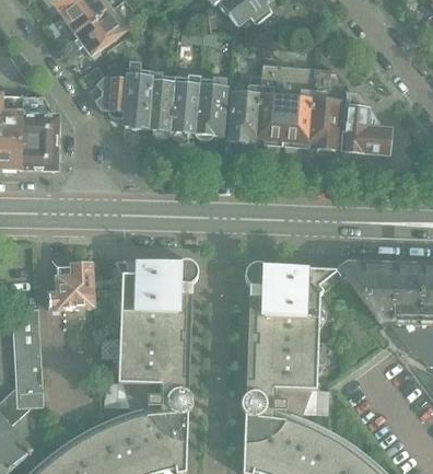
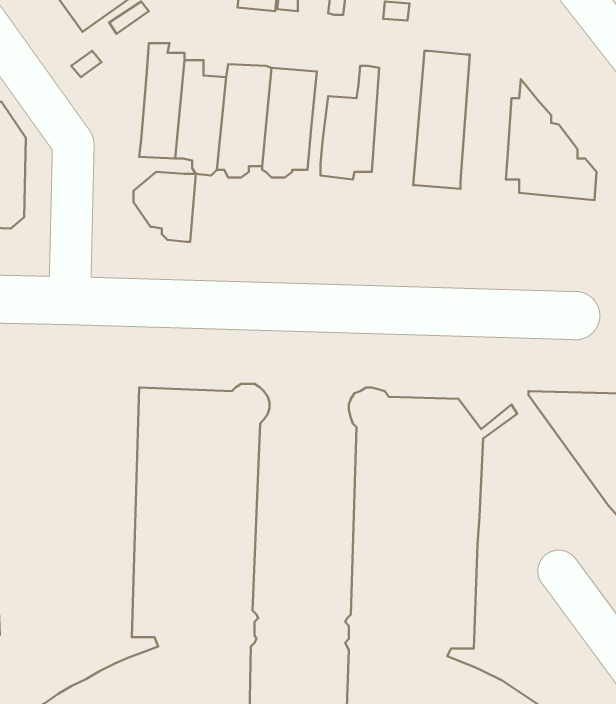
building: [257,65,288,144] -> none
building: [308,69,343,149] -> none
building: [91,78,127,118] -> [134,172,196,242]
building: [48,262,94,310] -> none

